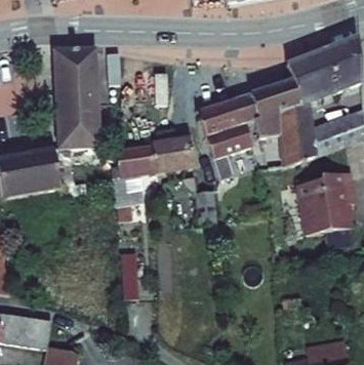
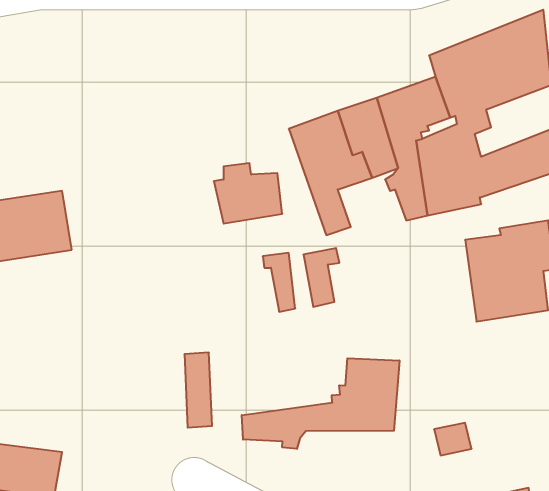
building: [47,46,98,149] -> none
building: [109,147,153,226] -> none
building: none -> [242,358,399,449]

